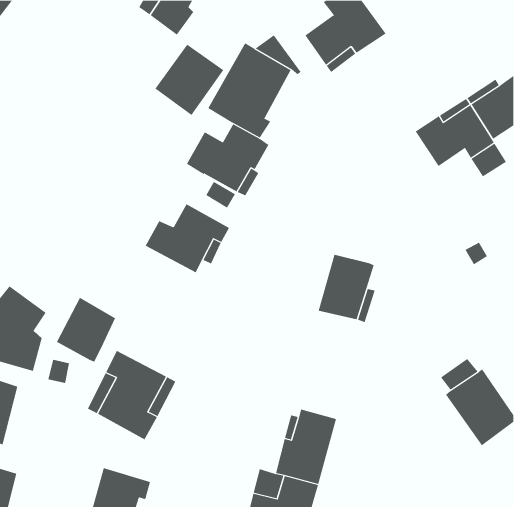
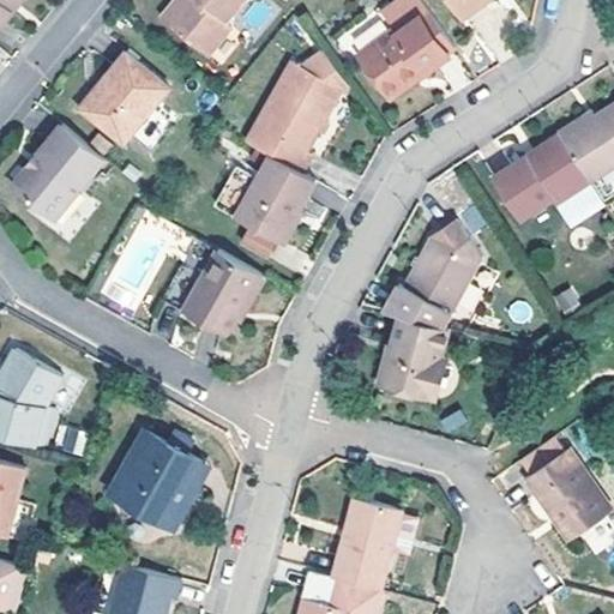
building: [154,44,224,116] -> [90,60,173,145]
building: none -> [20,132,112,233]
building: none -> [377,216,481,324]
building: [56,297,116,362] -> none

